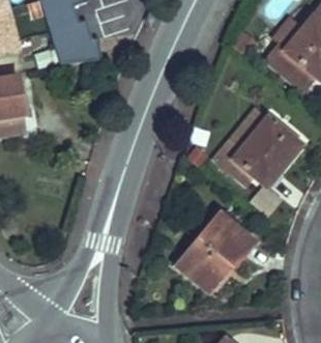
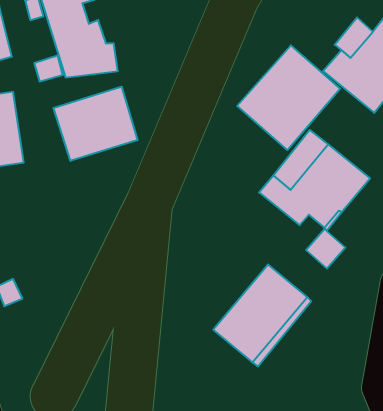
building: none -> [237,45,340,150]
building: none -> [53,87,138,161]

